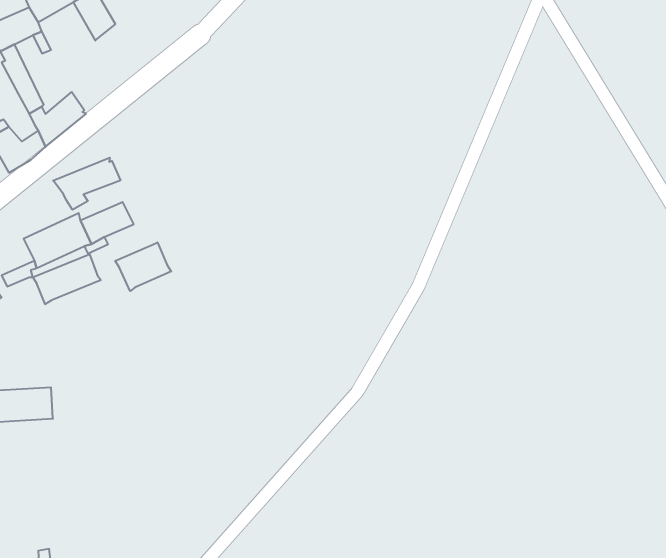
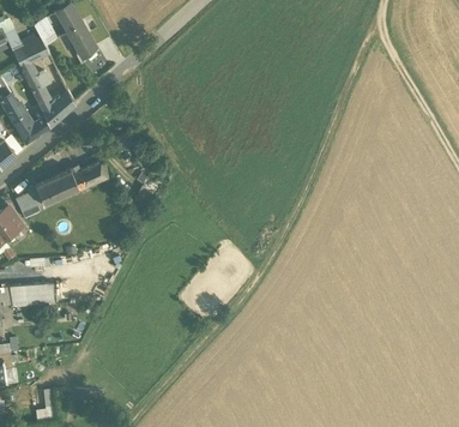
building: [53,158,120,210] -> none
building: [115,242,171,291] -> none
building: [33,254,101,304] -> none

